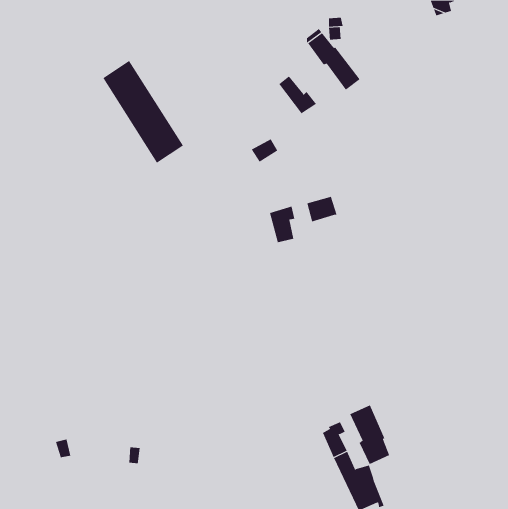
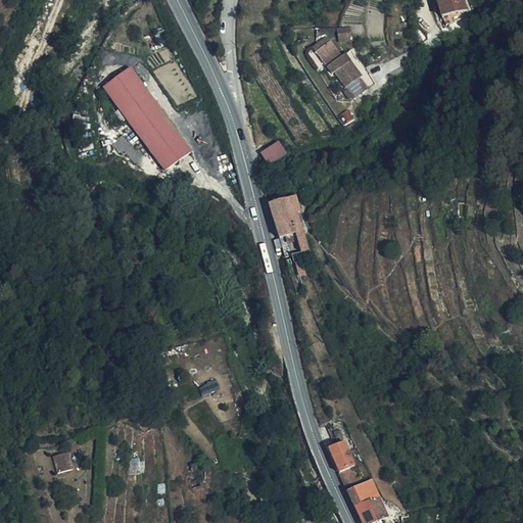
building: [279,75,317,114] -> none
building: [306,196,337,222] -> [269,194,300,221]
building: [350,404,390,465] -> none

